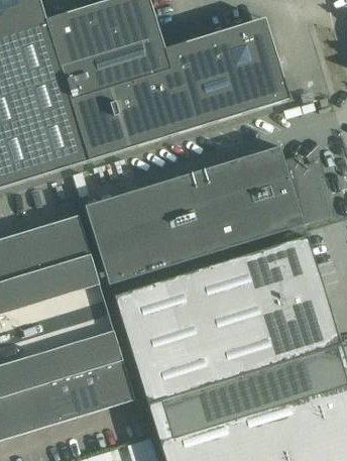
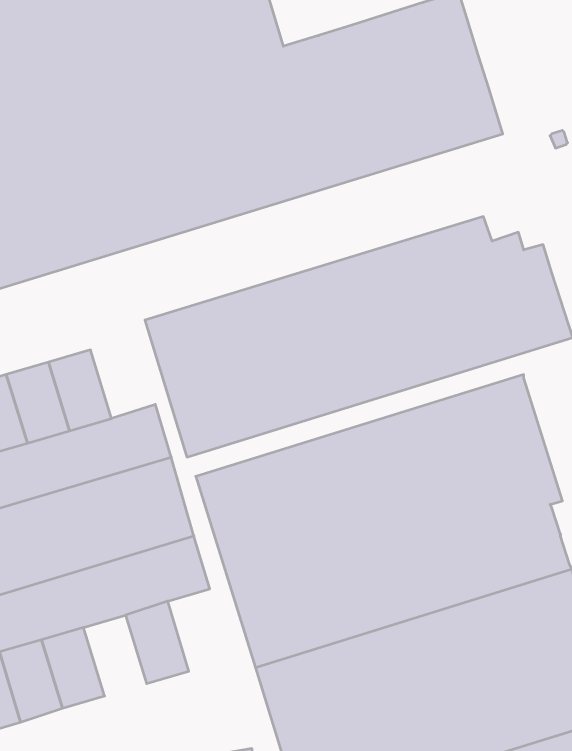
building: [54,214,92,261] -> none
building: [99,359,135,407] -> none
building: [50,374,87,421] -> none

